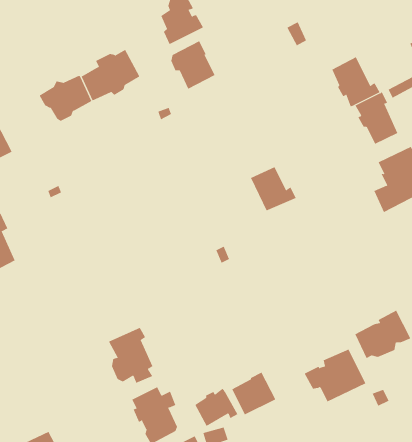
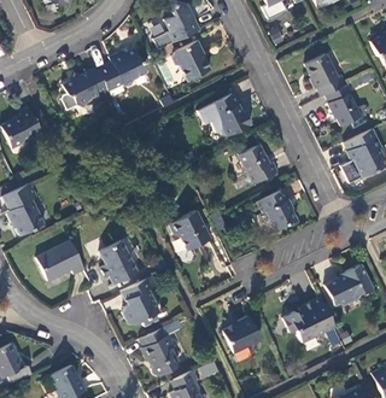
building: none -> [207,94,250,136]
building: none -> [256,191,296,229]
building: none -> [169,210,210,248]
building: none -> [36,240,83,280]
building: none -> [99,240,136,283]
building: [194,388,238,427] -> none

